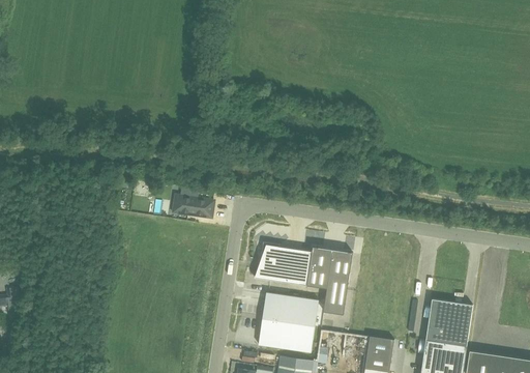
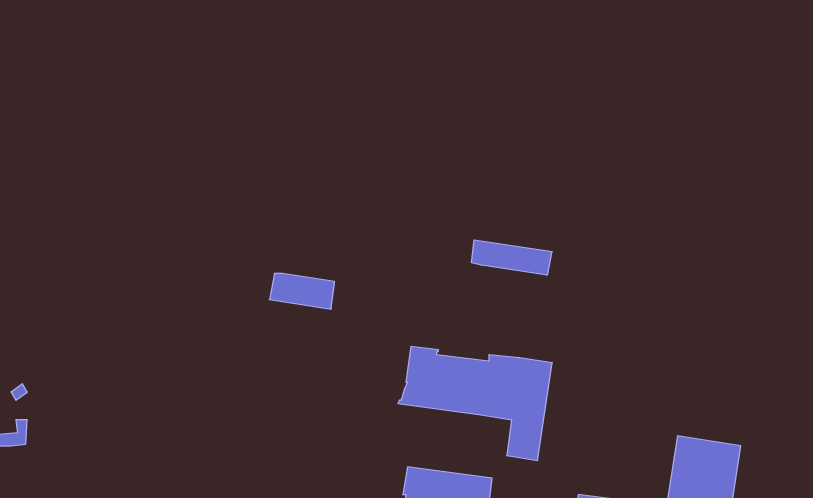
building: none -> [472,240,552,275]
building: [260,292,318,325] -> none

